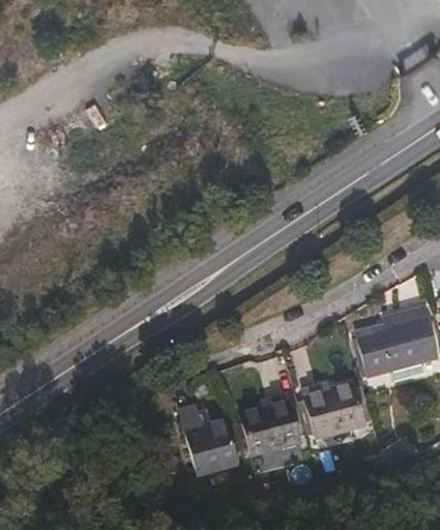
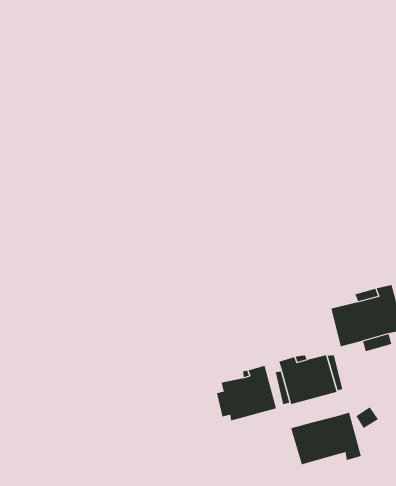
building: [180,408,241,474] -> none
building: none -> [291,412,361,465]

